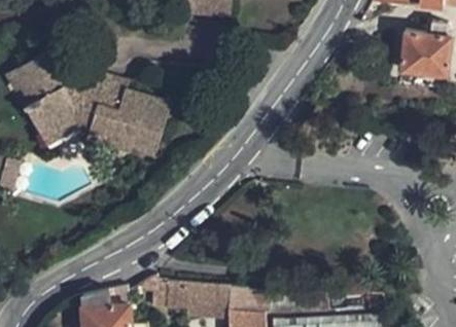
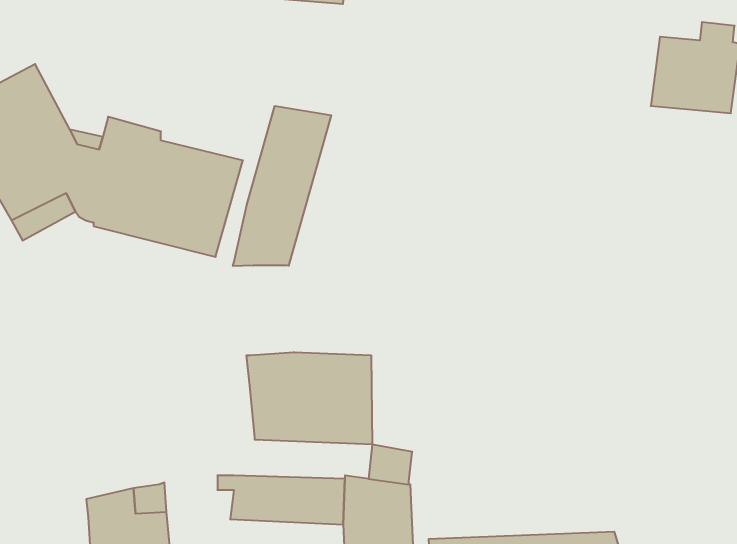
building: none -> [233,106,331,266]
building: none -> [247,352,372,444]

